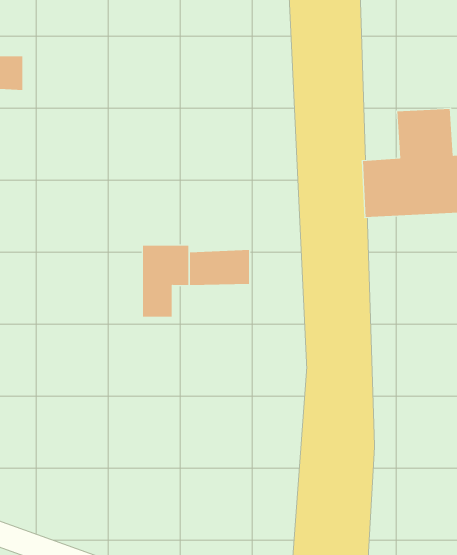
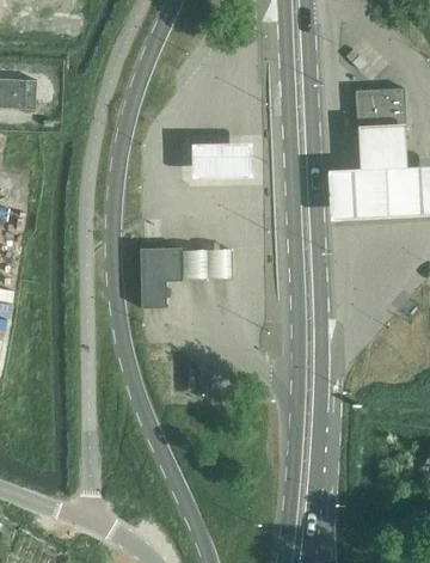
building: none -> [355,88,404,128]
building: none -> [190,142,252,179]

